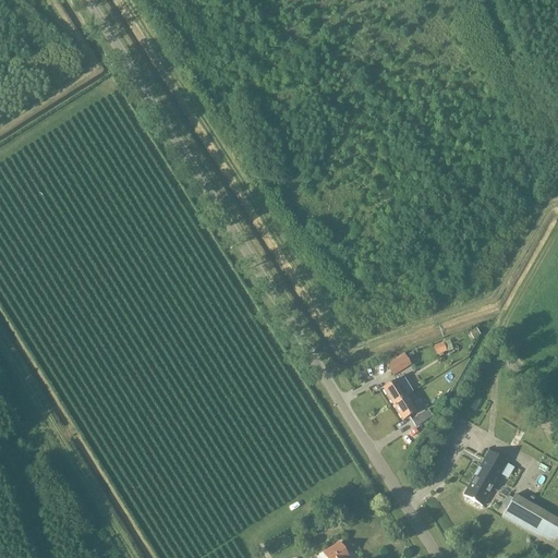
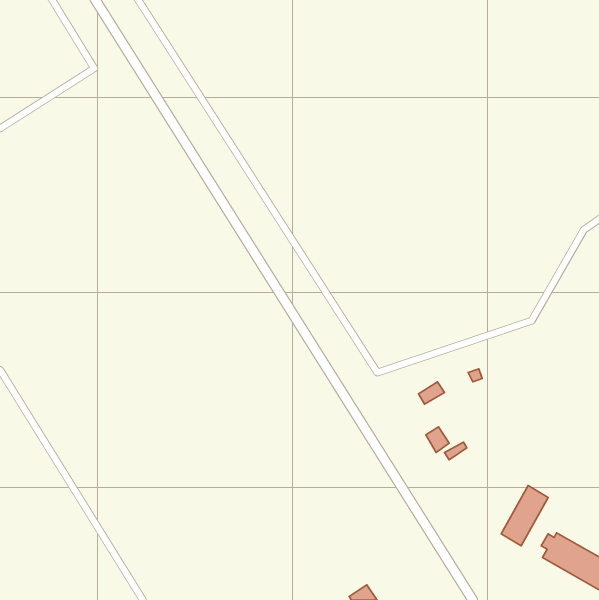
building: [386,374,415,402] -> none

